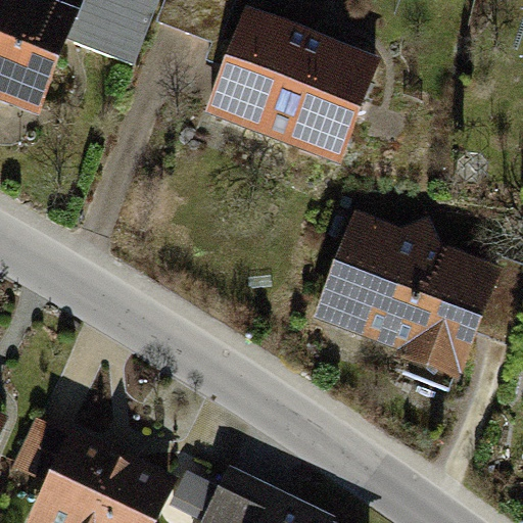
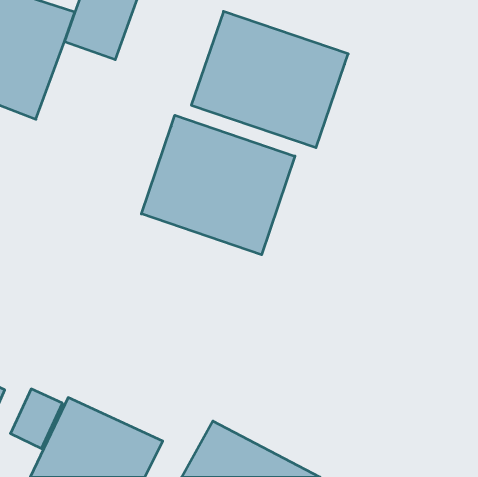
building: none -> [141,115,295,255]
building: [306,218,495,392] -> none

